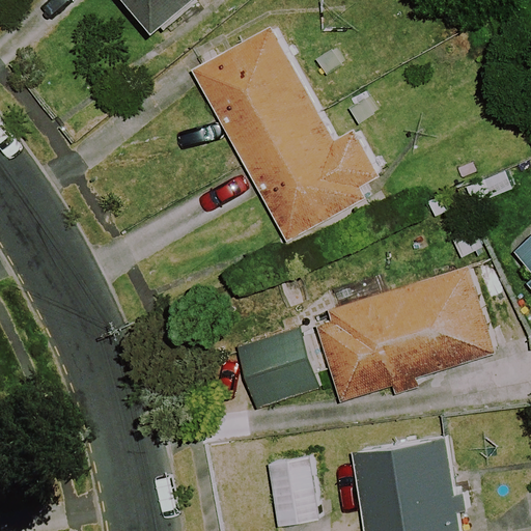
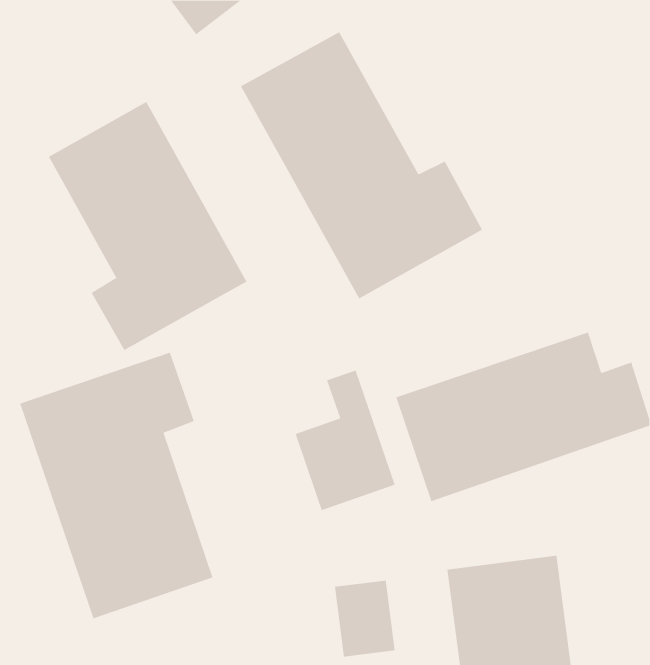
building: none -> [48,101,247,351]
building: none -> [20,352,213,619]

